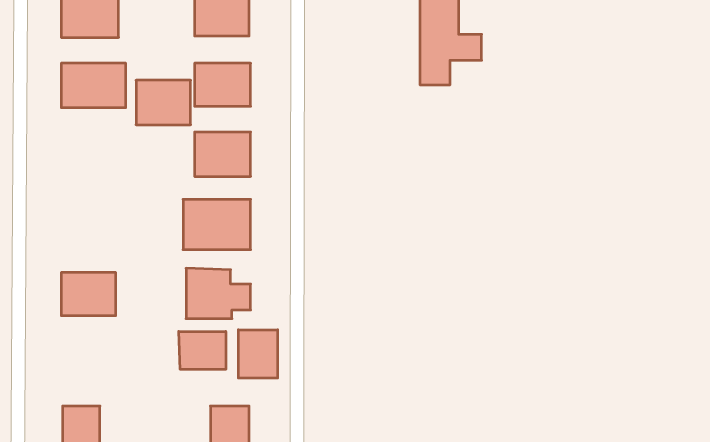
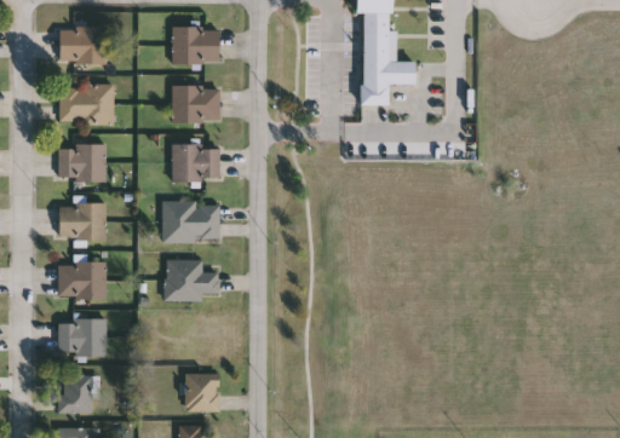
building: [136,80,191,125] -> [59,144,105,181]
building: none -> [59,202,105,240]
building: [238,330,278,378] -> none
building: [179,331,226,369] -> none
building: none -> [59,321,107,356]

